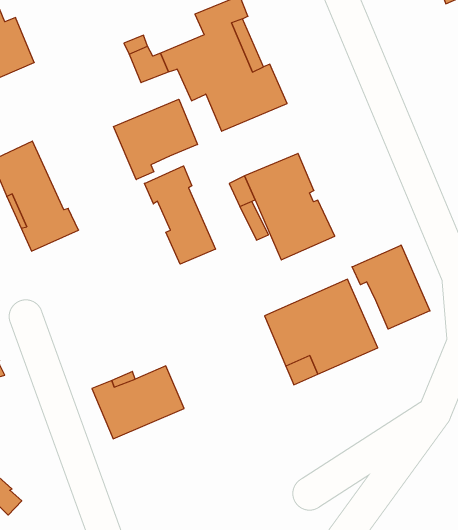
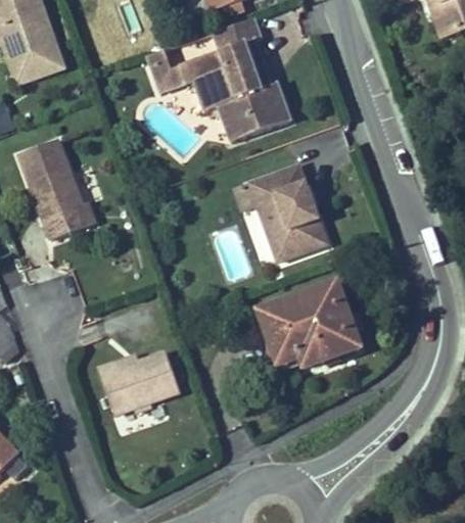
building: [114,99,197,180] -> none
building: [144,166,215,264] -> none
building: [352,245,430,329] -> none

